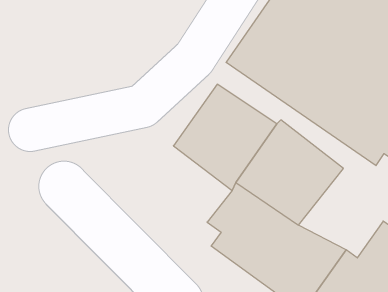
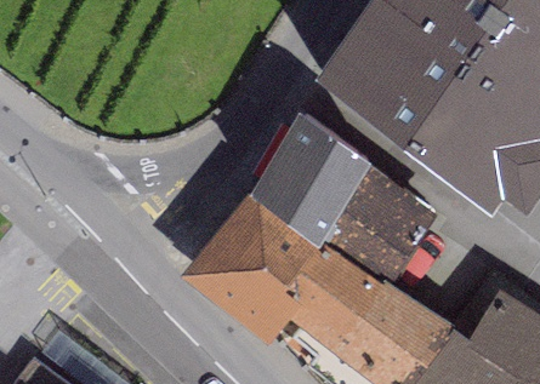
building: none -> [182,195,316,343]

